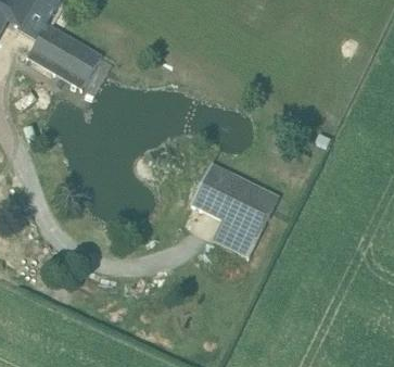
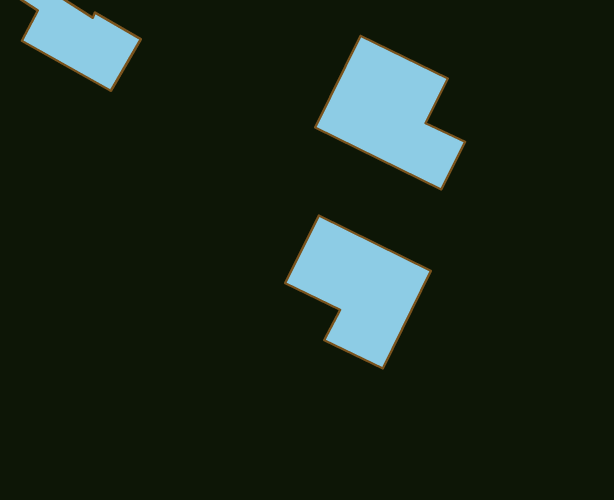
building: none -> [315,36,465,190]

